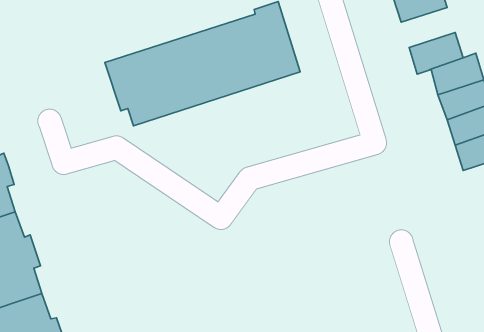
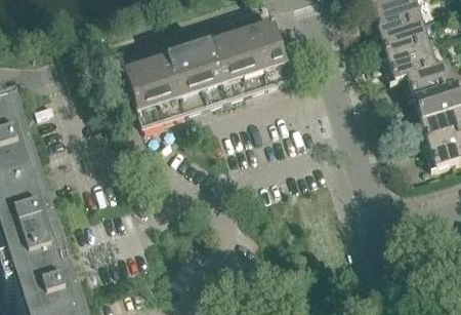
building: none -> [383,14,431,50]

